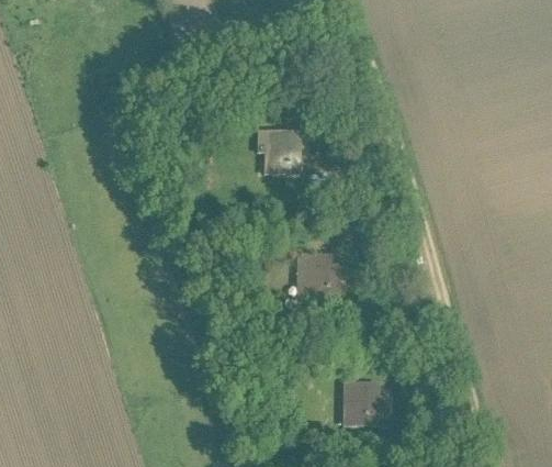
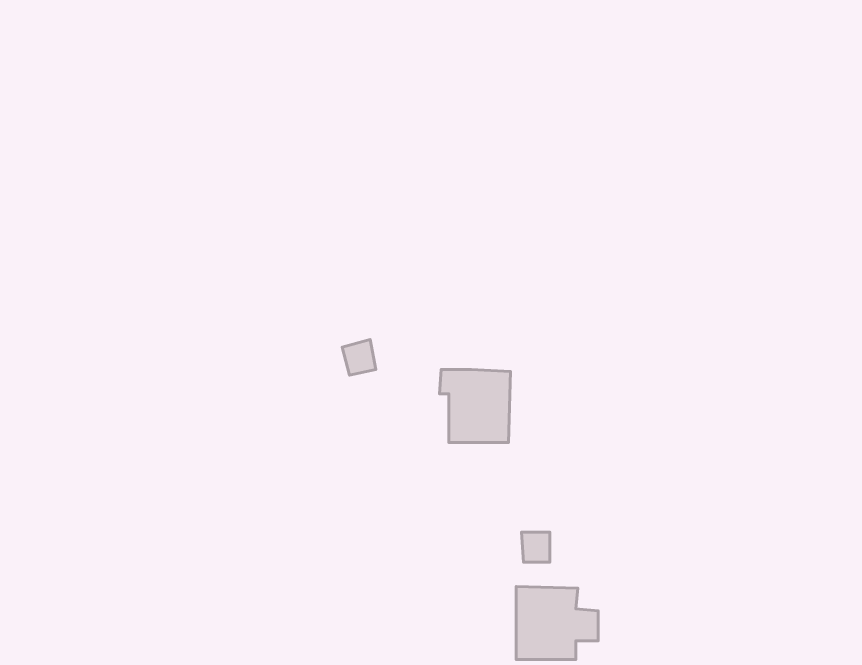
building: [260,130,302,174] -> none

